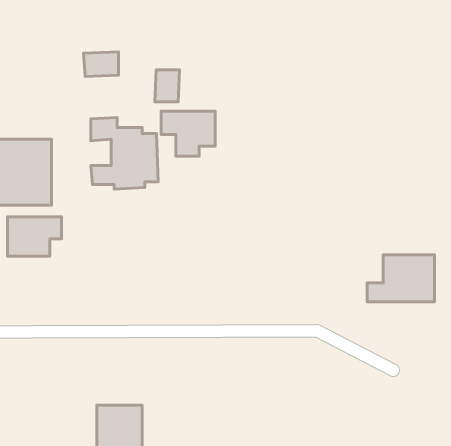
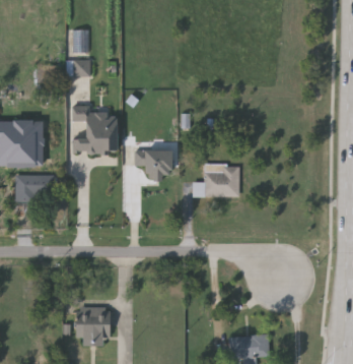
building: [155,70,180,102] -> [74,31,91,53]
building: [161,111,215,156] -> [134,149,171,181]
building: [367,255,434,302] -> [193,164,239,196]

